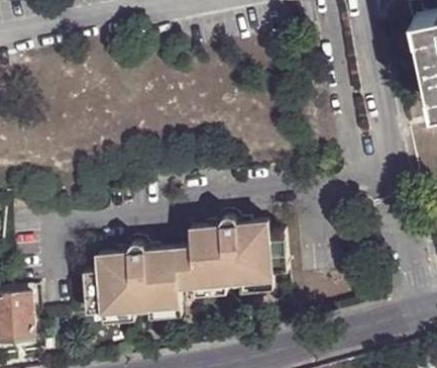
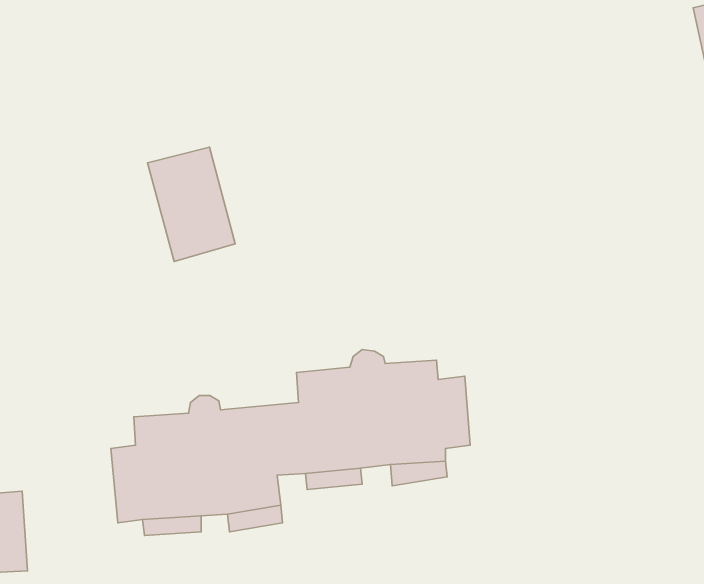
building: none -> [148,147,235,261]

